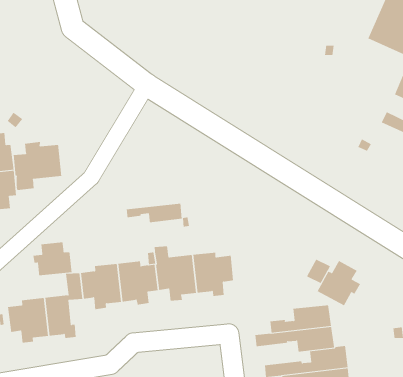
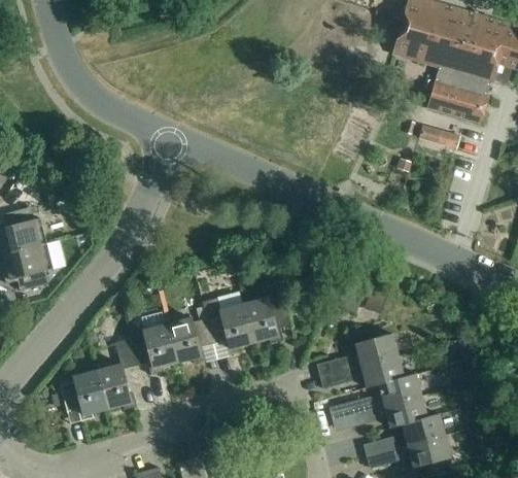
building: [13,141,62,191] -> none
building: [126,203,182,223] -> none
building: [33,241,72,276] -> none
building: [317,260,361,306] -> none

